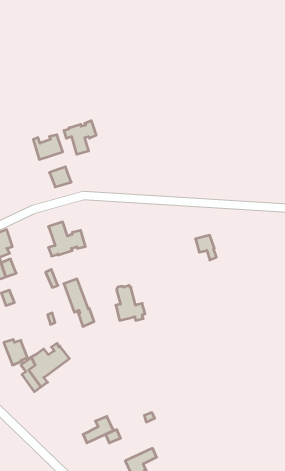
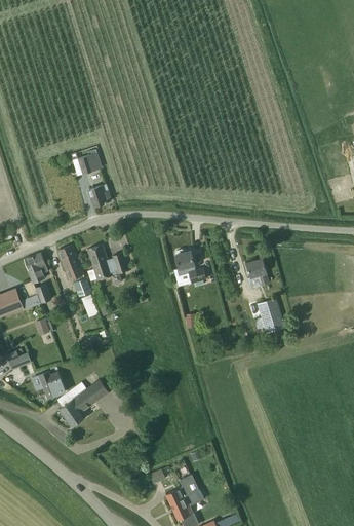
building: [64,121,96,154] -> none
building: none -> [254,297,285,333]
building: [64,279,94,326] -> [58,245,91,296]
building: [116,285,145,320] -> [174,248,206,286]
building: [83,416,113,443] -> [166,474,199,502]

